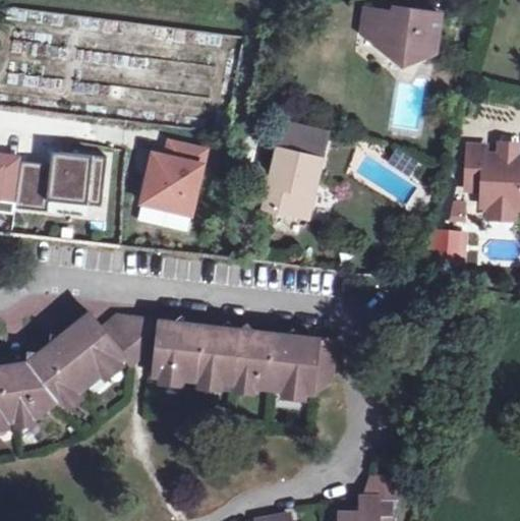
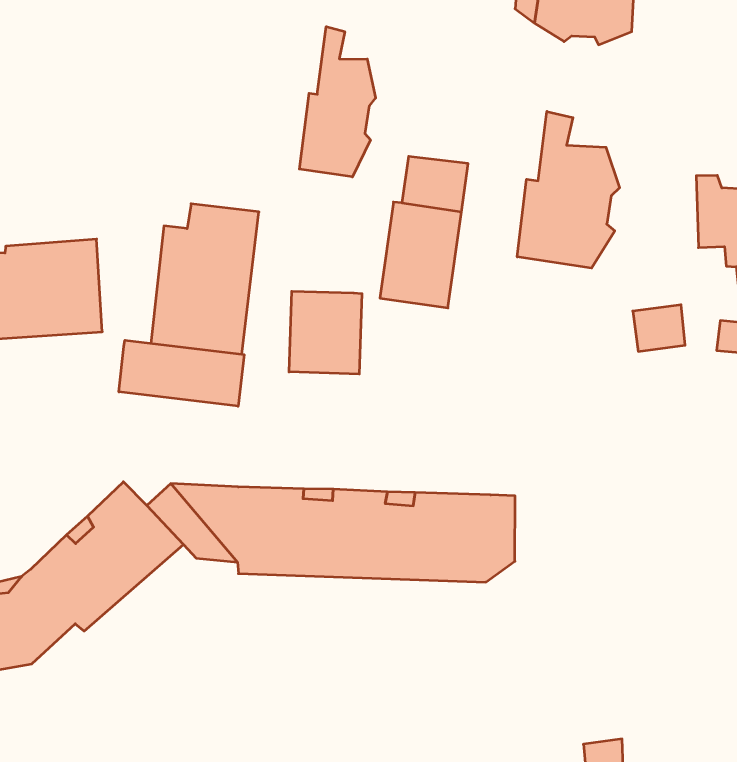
building: none -> [299,27,376,177]
building: none -> [517,111,620,268]
building: none -> [289,291,362,374]
building: none -> [119,340,244,406]

